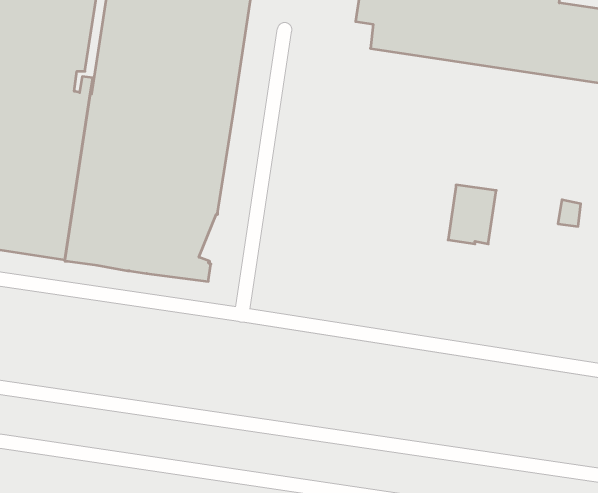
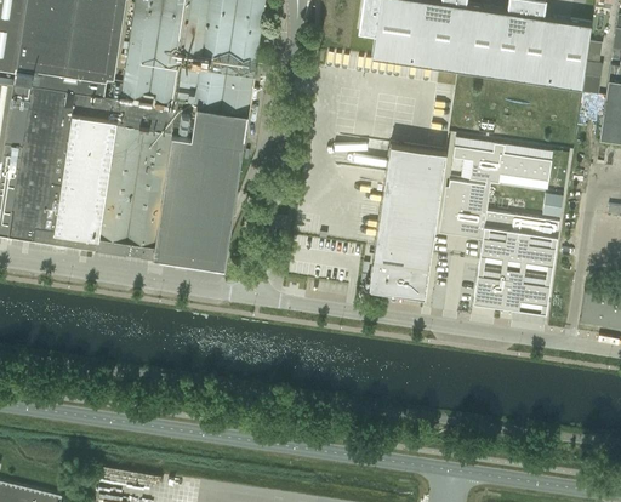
building: none -> [450,139,553,193]
building: none -> [365,144,446,298]
building: none -> [473,212,559,315]

